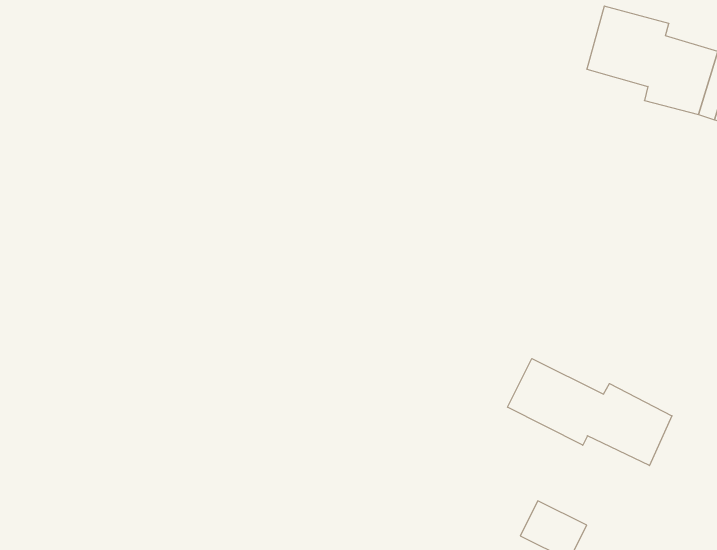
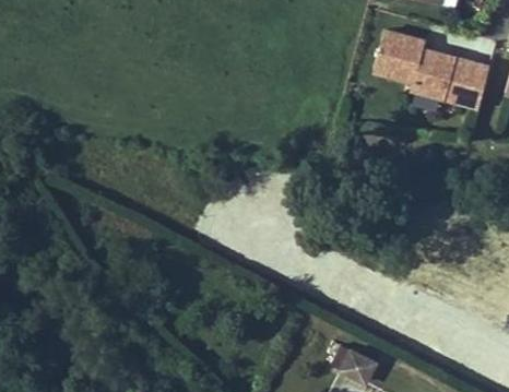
building: [508,359,672,466] -> none

